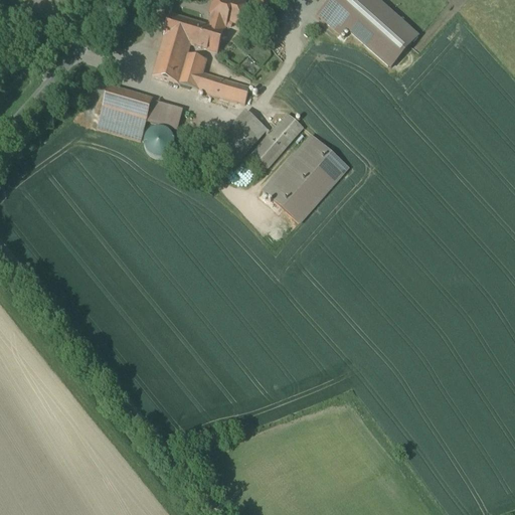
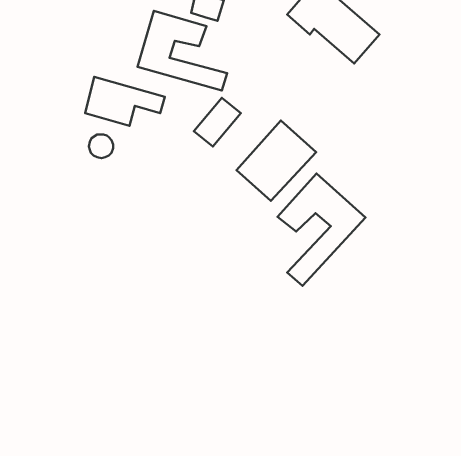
building: [251,111,305,165] -> none
building: [148,126,175,152] -> [89,135,113,158]
building: none -> [278,173,365,286]

